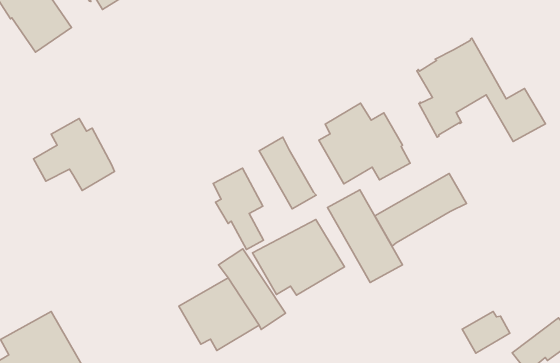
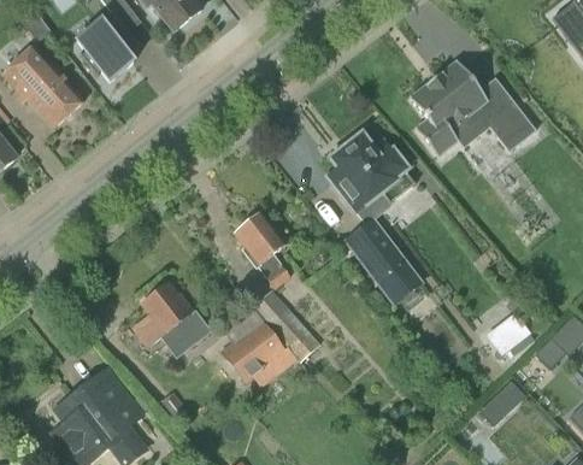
building: [33,118,115,190] -> [131,283,208,349]
building: [259,137,316,209] -> none
building: [375,173,467,246] -> none
building: [253,219,345,295] -> none

